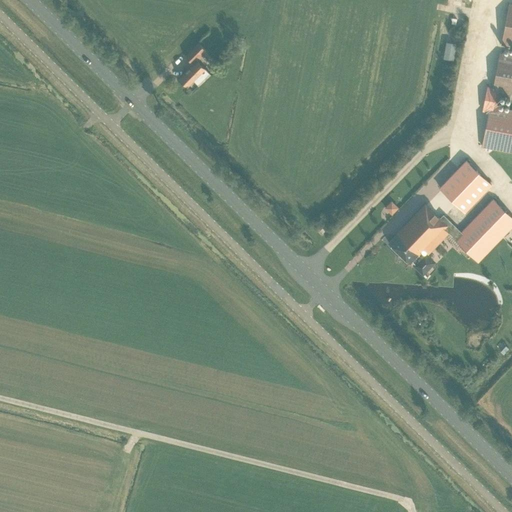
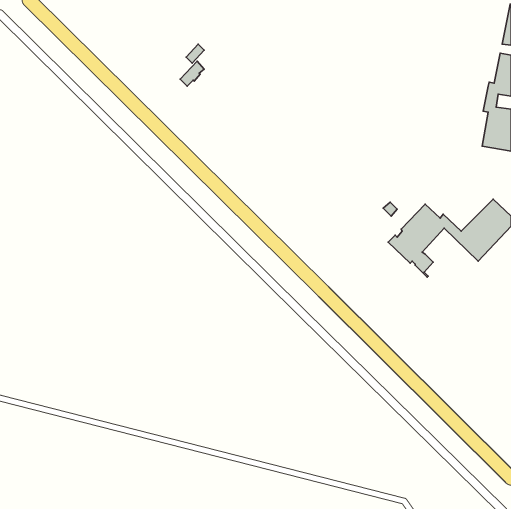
building: [440,162,492,214] -> none

